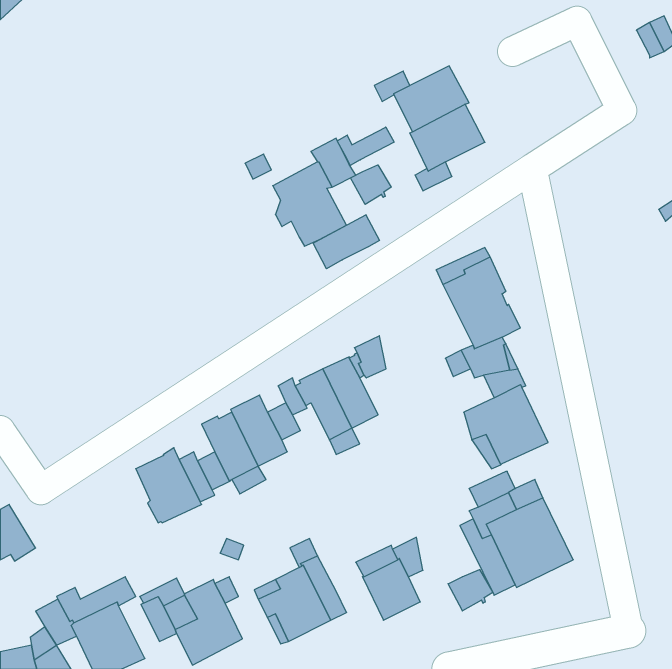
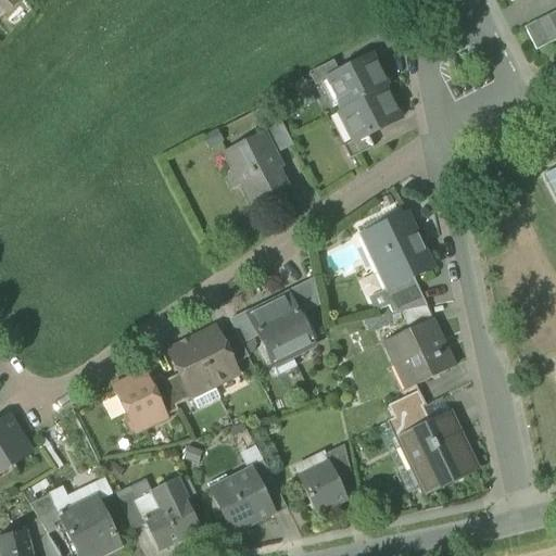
building: [337,127,394,166] -> none
building: [350,165,391,204] -> none
building: [313,215,379,269] -> none
building: [448,570,493,611] -> none

